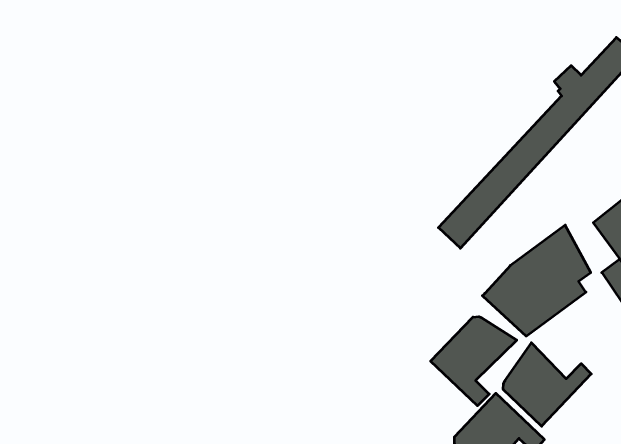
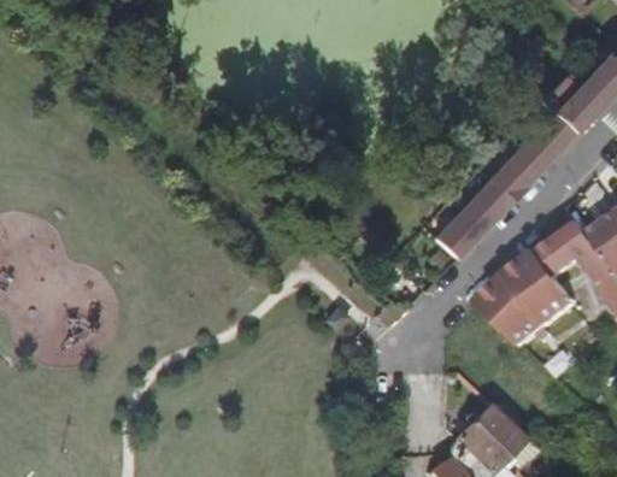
building: [431,317,517,406] -> none
building: [503,343,591,426] -> none

